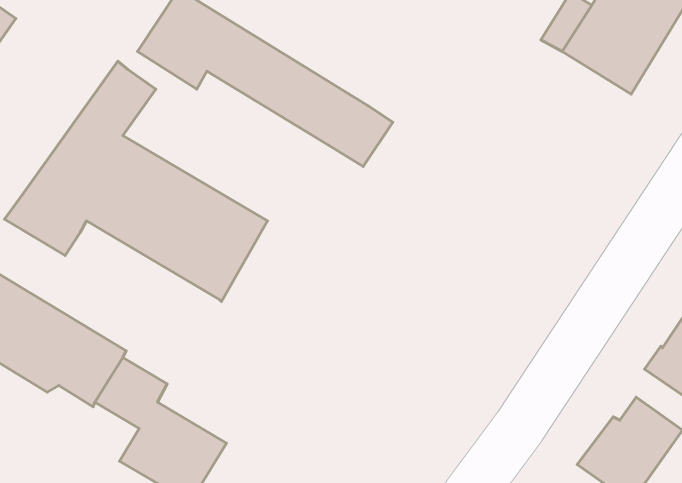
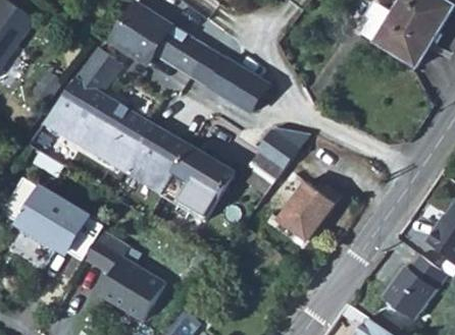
building: none -> [241,128,309,208]
building: none -> [162,146,235,220]
building: none -> [279,182,340,240]

